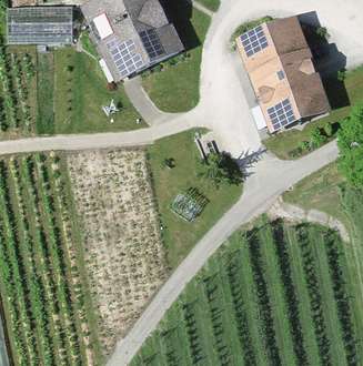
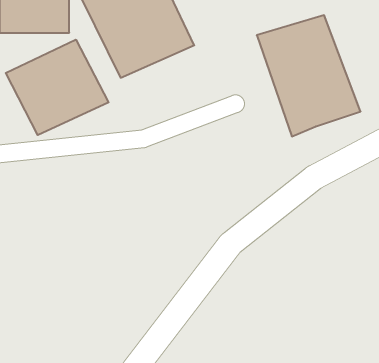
building: none -> [6,40,109,135]

